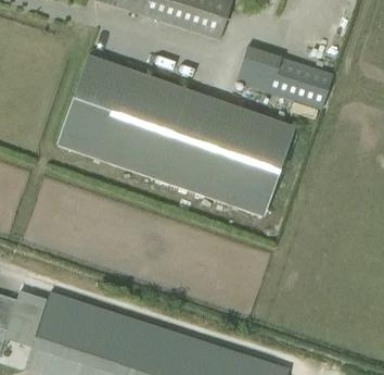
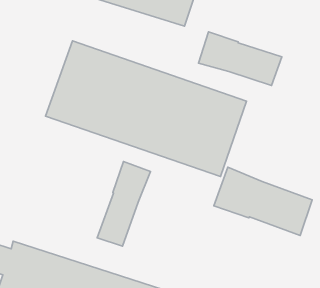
building: none -> [97,162,151,246]
building: none -> [214,167,312,236]

